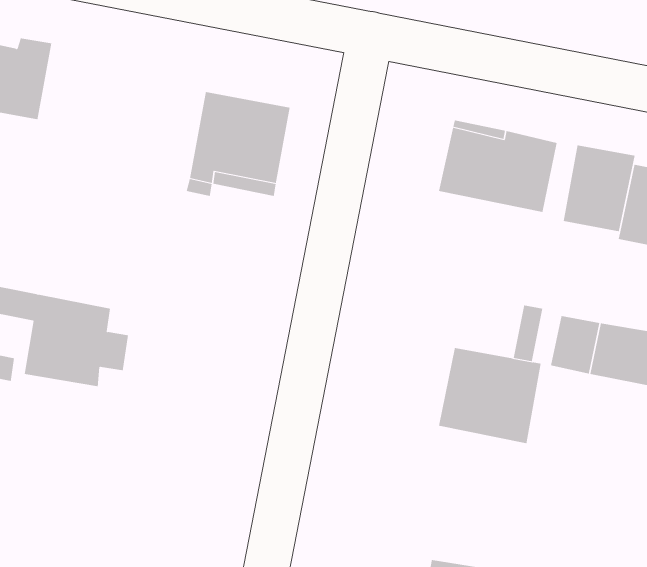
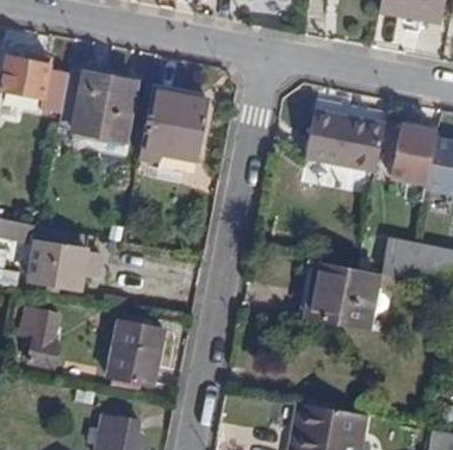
building: none -> [57,73,130,139]
building: none -> [20,307,58,367]
building: none -> [106,321,161,383]

